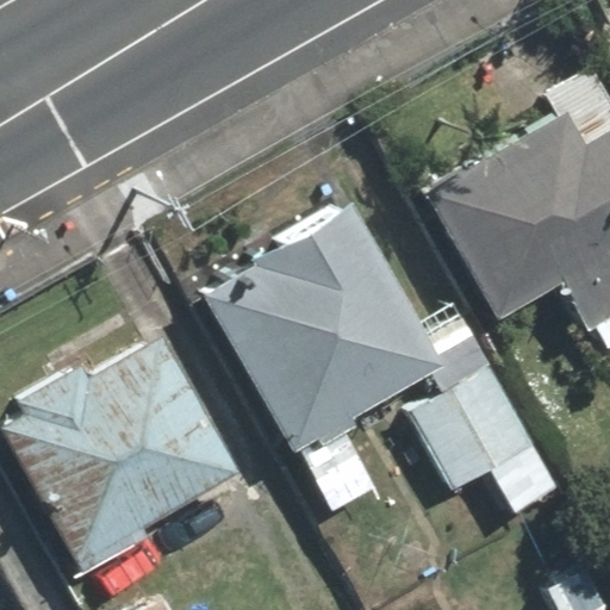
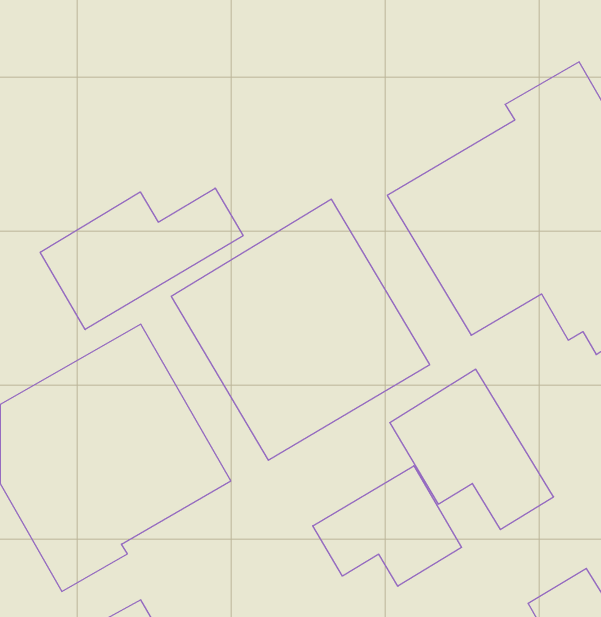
building: none -> [40,188,243,330]
building: none -> [313,466,462,586]

